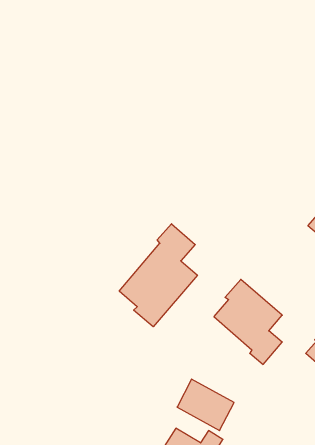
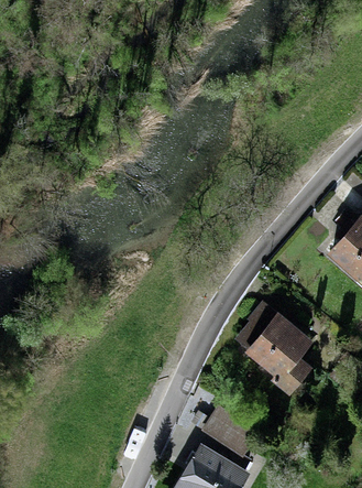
building: [119,224,197,327] -> none

